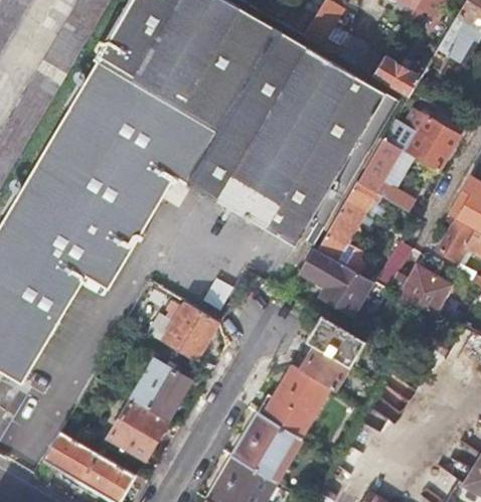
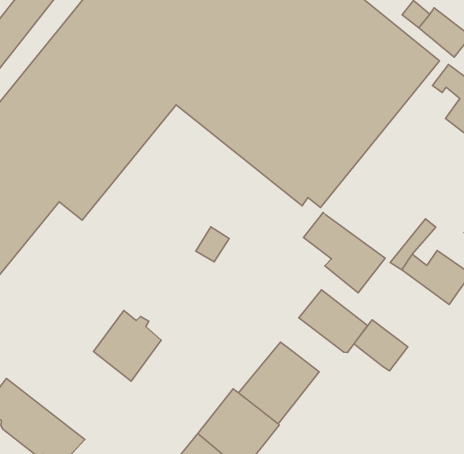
building: [359,139,416,209] -> none
building: [317,190,372,262] -> none
building: [159,301,218,359] -> none
building: [302,348,349,390] -> [354,320,408,371]
building: [110,397,168,459] -> none

